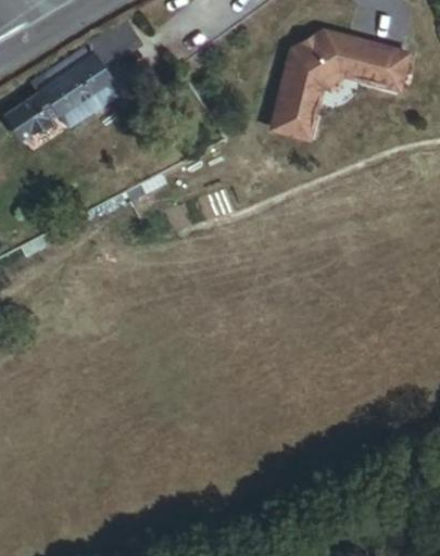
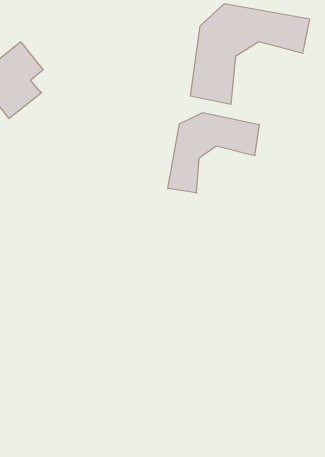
building: none -> [168,113,259,193]

